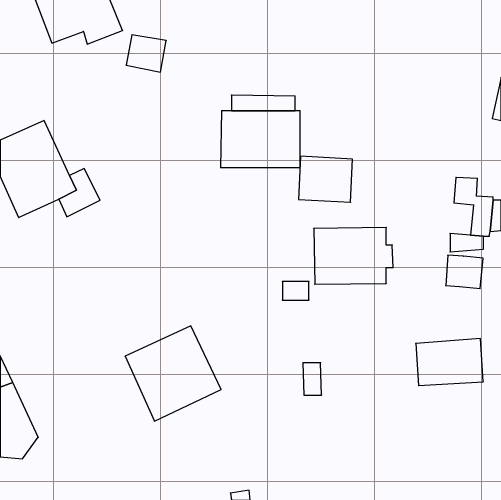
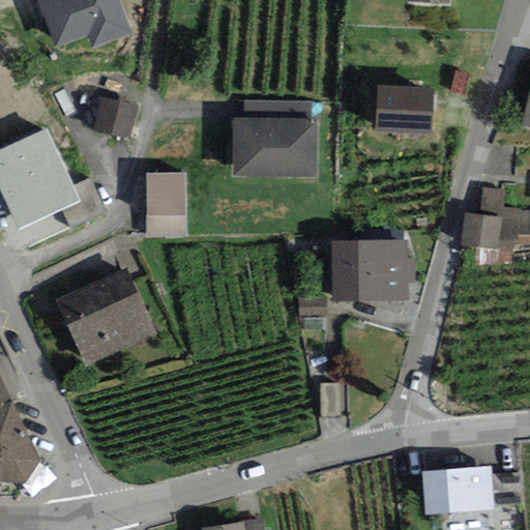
building: [126,35,166,72] -> [94,99,137,139]
building: [299,156,352,202] -> [376,85,433,134]
building: none -> [146,172,185,236]
building: [446,255,483,289] -> [461,213,500,248]
building: [125,326,221,421] -> [55,266,156,366]
building: [416,339,483,386] -> [421,466,493,516]

